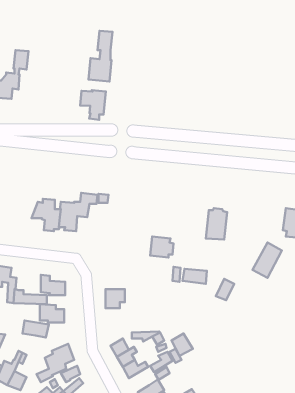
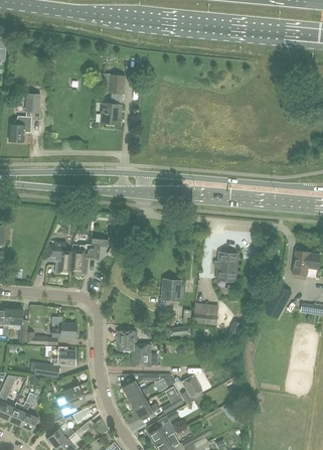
building: [80,90,106,120] -> none
building: none -> [130,343,149,365]

